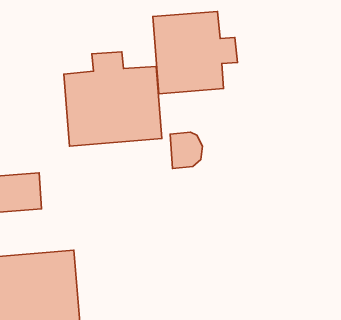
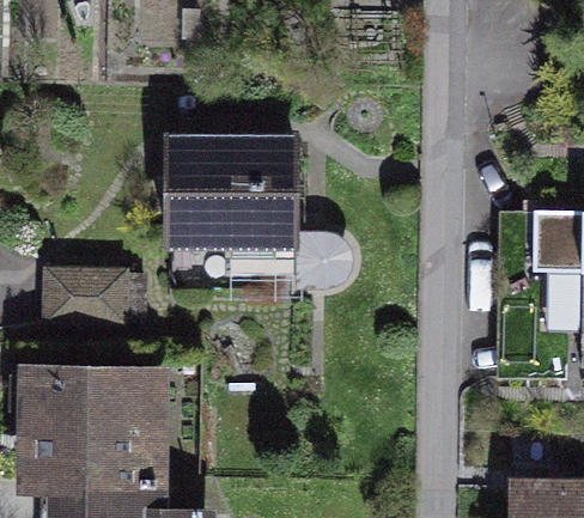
building: [153,11,237,94] -> none

